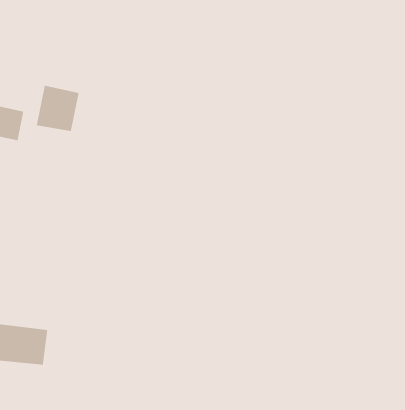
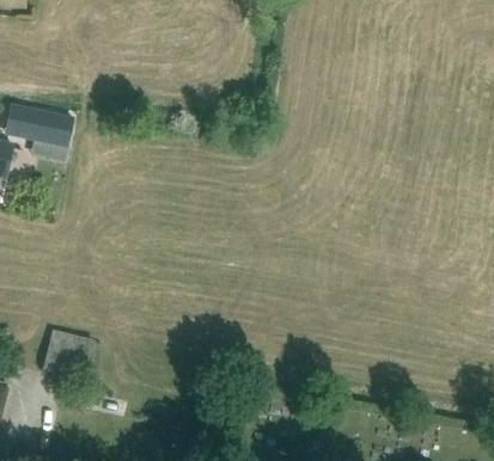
building: [36,85,79,132] -> none

